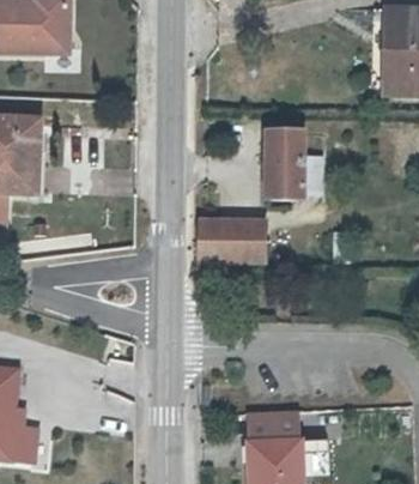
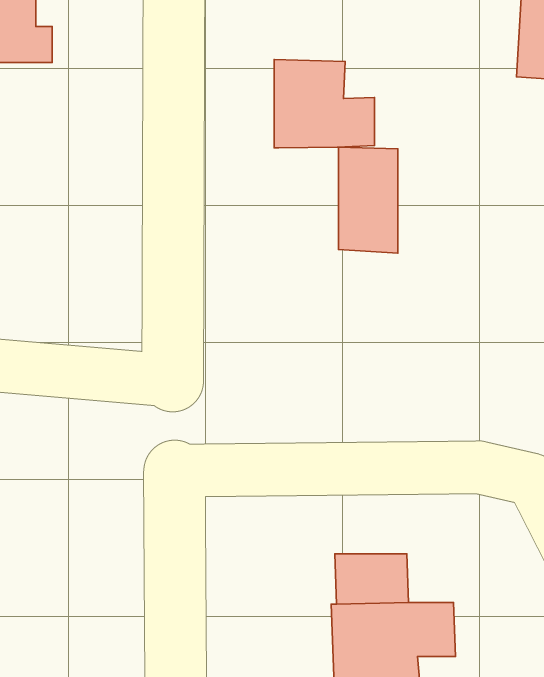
building: none -> [274,60,375,148]
building: [201,218,257,261] -> none

